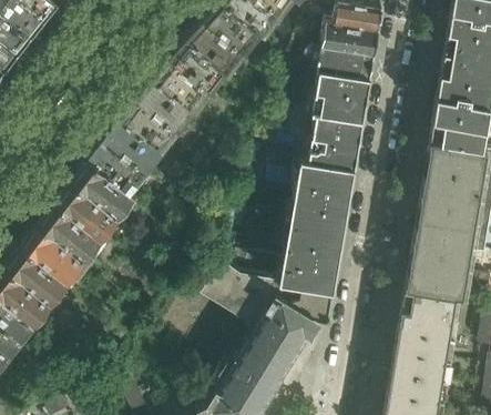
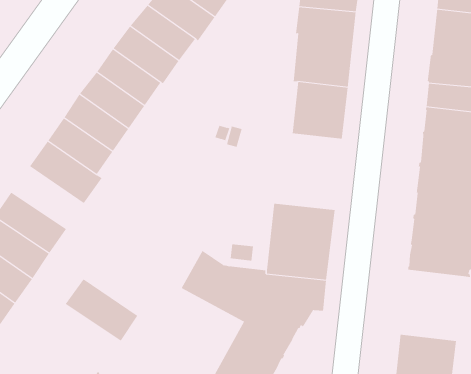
building: [289,161,355,233] -> none
building: [53,179,119,237] -> [65,278,138,341]
building: [397,291,457,357] -> none

